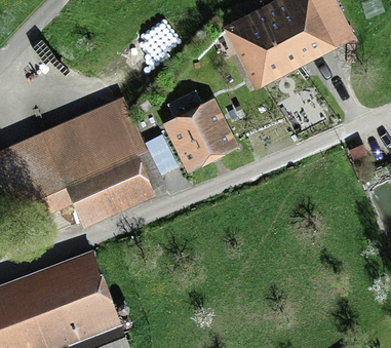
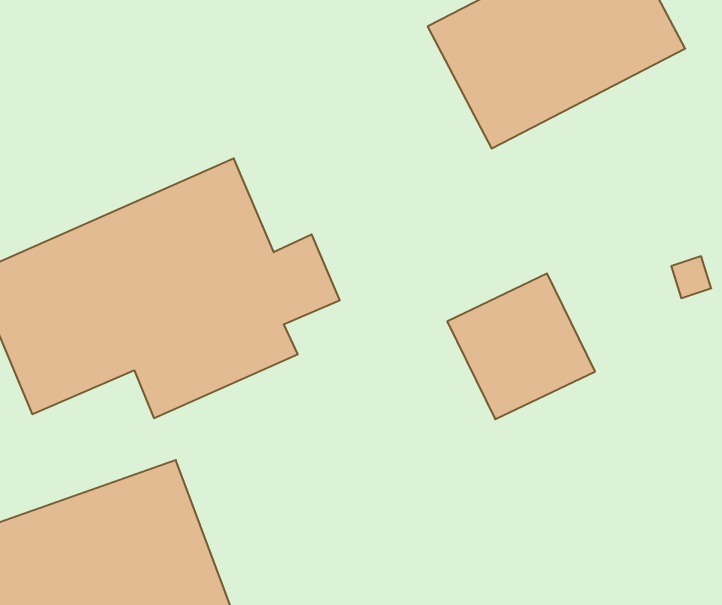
building: [162,98,238,172] -> [447,273,595,419]

